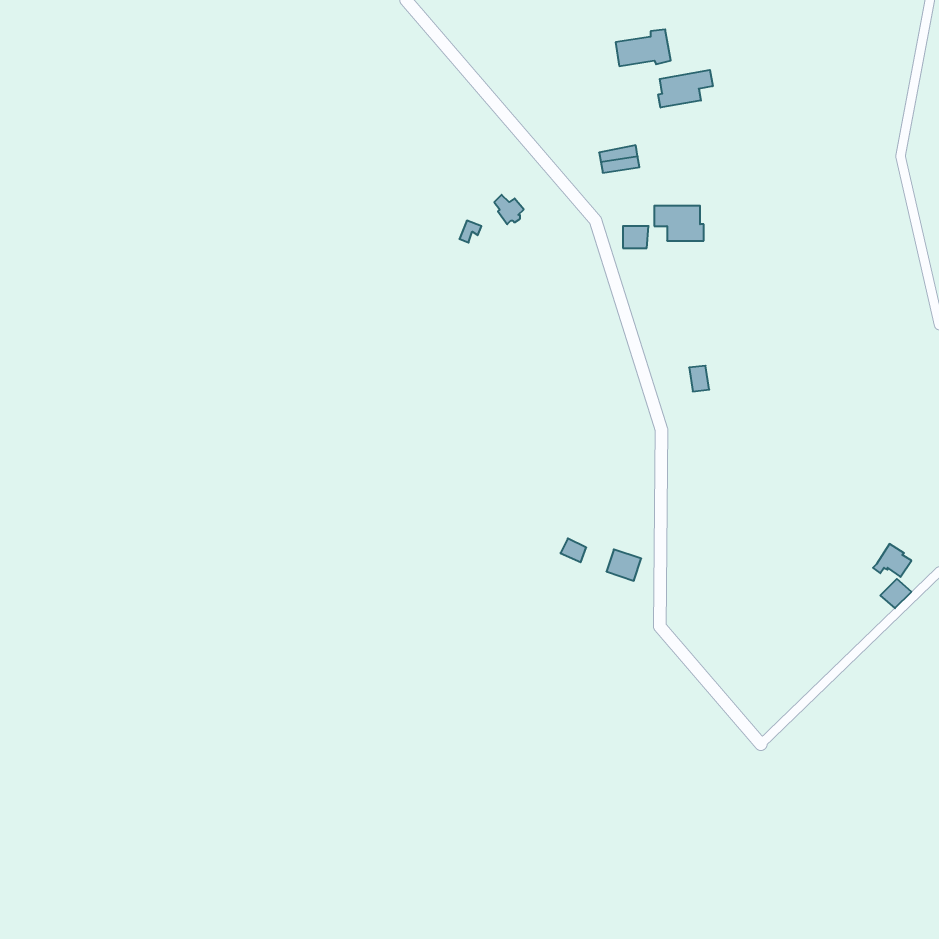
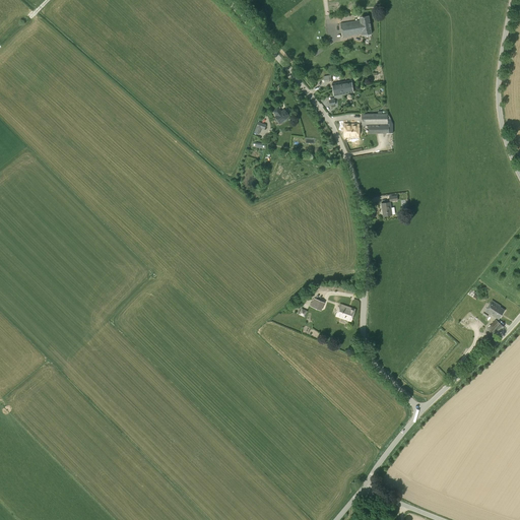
building: [658,70,713,108] -> none

